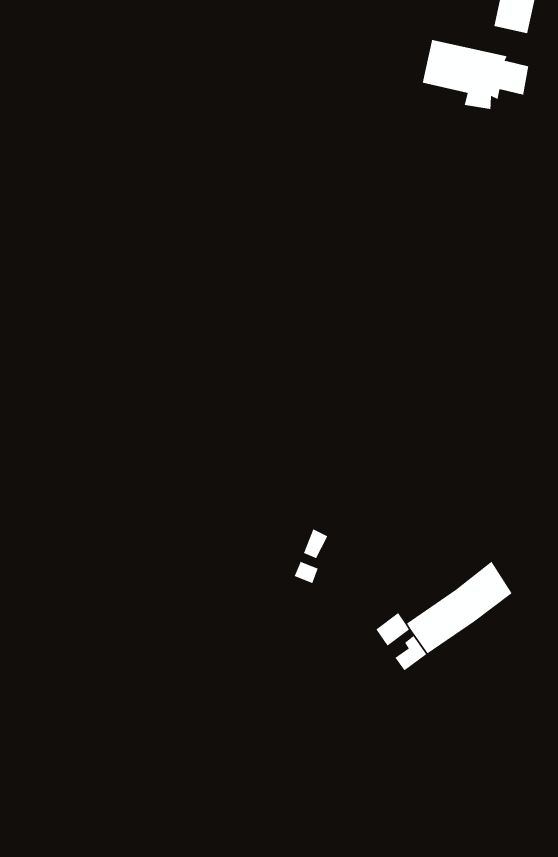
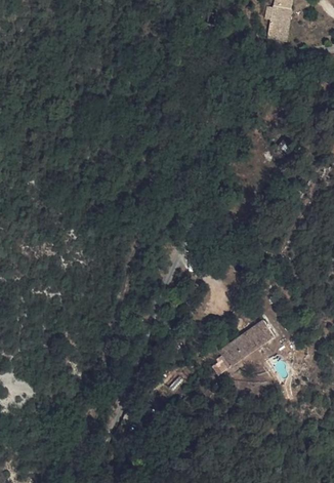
building: [422,39,529,110] -> none

